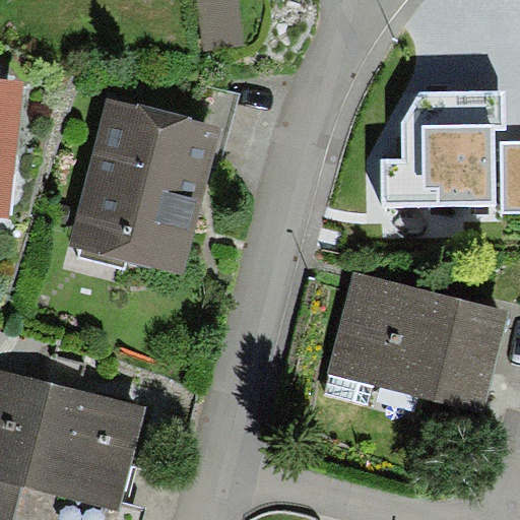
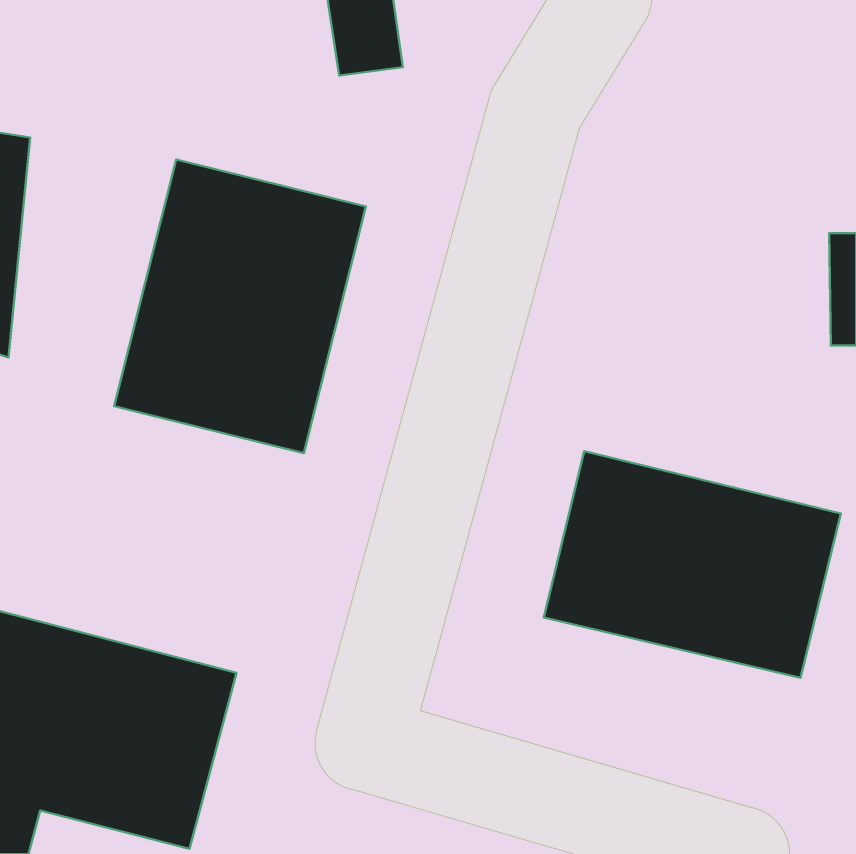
building: [382,90,503,201] -> none

